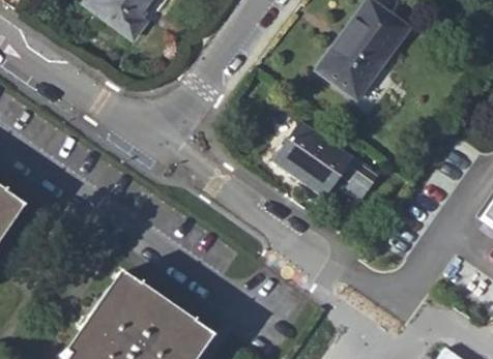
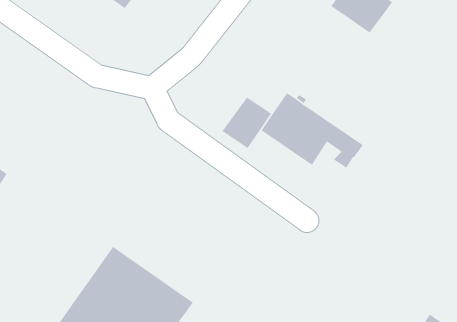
building: [317,34,384,99] -> none
building: none -> [221,96,272,149]

